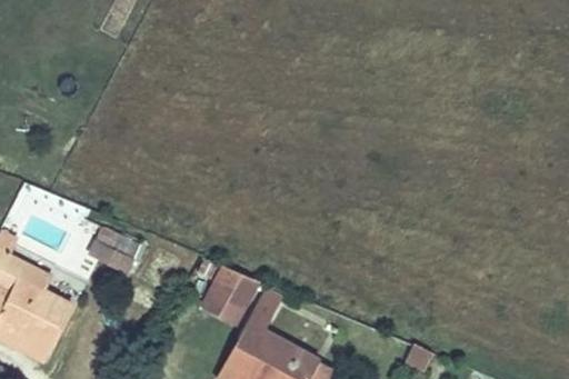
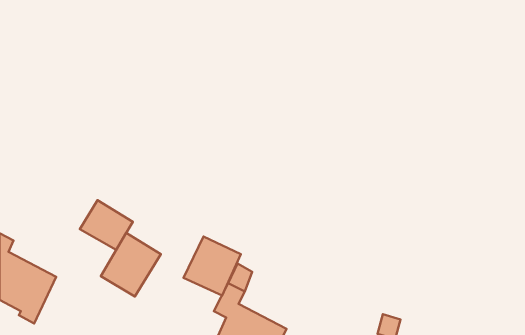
building: none -> [101,233,161,296]

